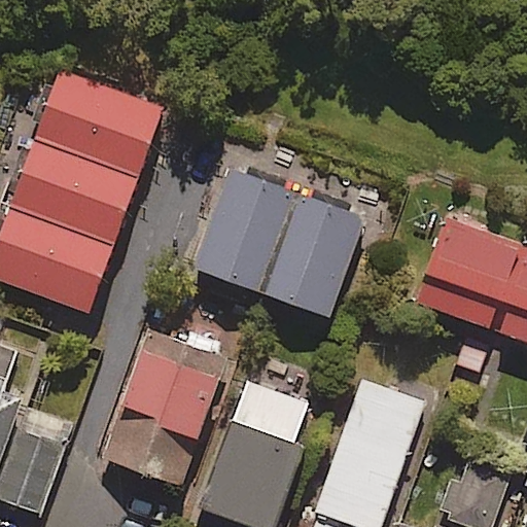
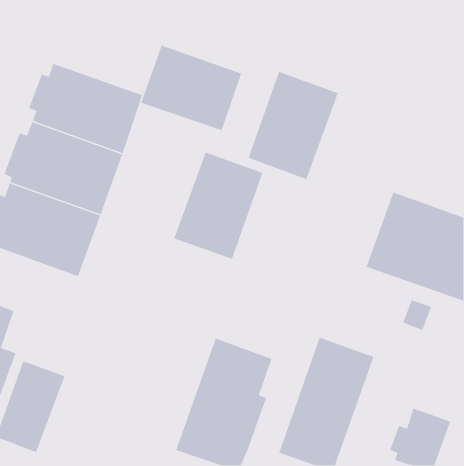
building: none -> [140,44,242,131]
building: [262,195,365,318] -> [248,71,339,180]
building: [103,333,226,488] -> none

